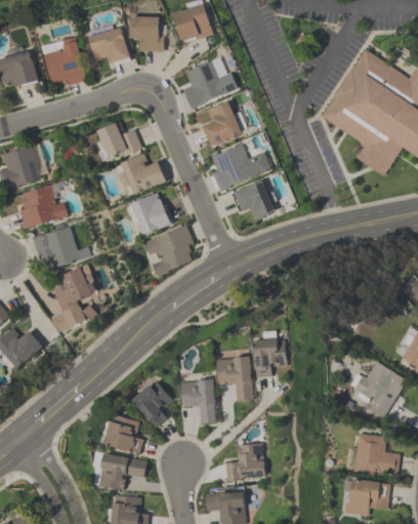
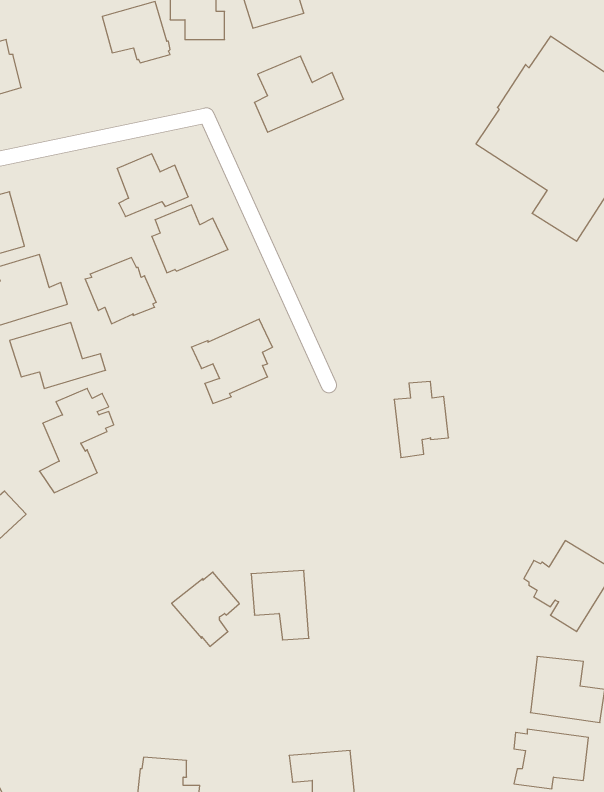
building: [44,36,88,84] -> none
building: [203,100,242,145] -> none
building: [211,144,273,191] -> none
building: [232,179,278,219] -> none
building: [129,193,173,234] -> [85,258,156,324]
building: [253,329,287,376] -> [394,381,449,458]
building: [217,356,253,400] -> none
building: [104,414,144,453] -> none
building: [225,442,265,481] -> none
building: [99,453,148,490] -> none

